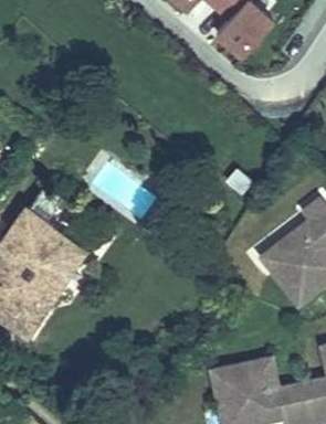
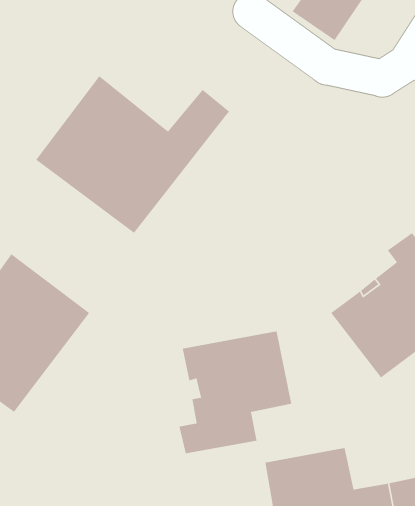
building: none -> [35,75,230,234]
building: none -> [179,330,292,454]

